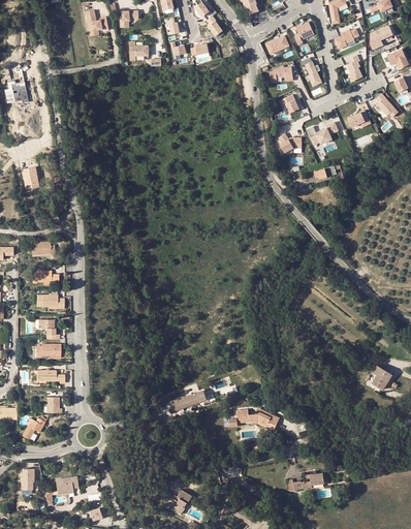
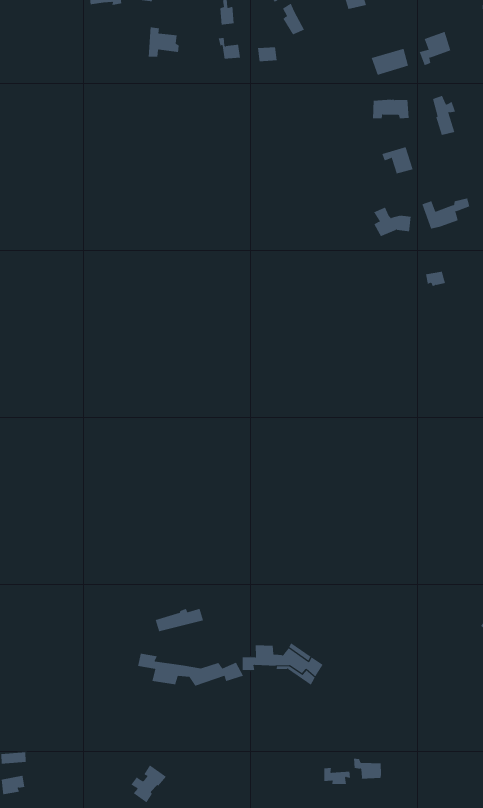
building: none -> [137,653,244,686]

